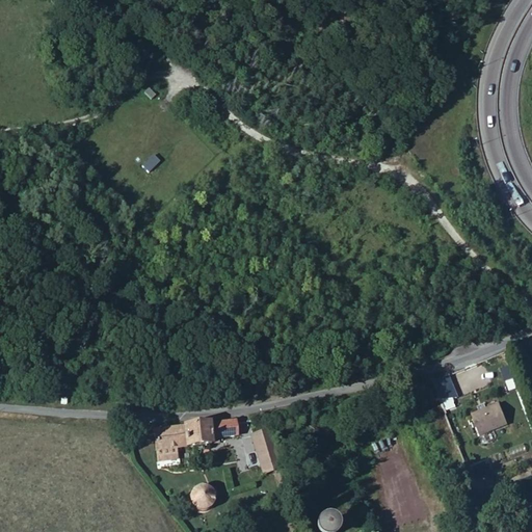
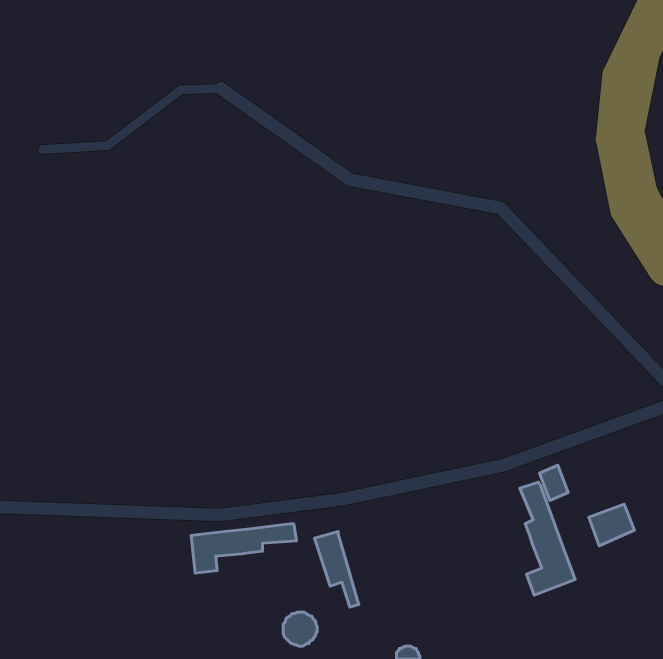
building: none -> [520,482,575,595]
building: [189,481,216,508] -> [283,612,317,646]

